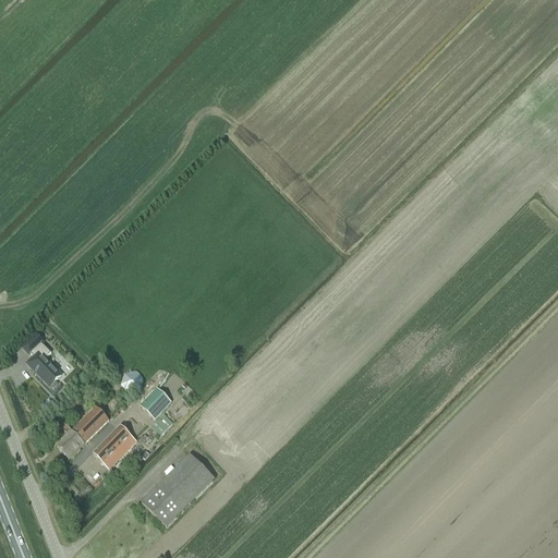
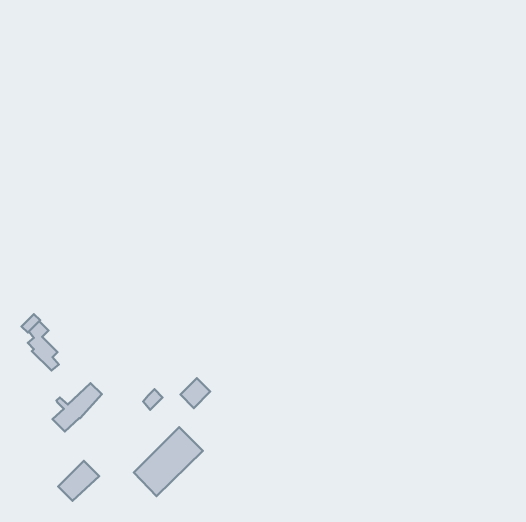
building: [140,386,171,417] -> [180,378,210,408]
building: [93,424,136,466] -> [58,461,99,501]

